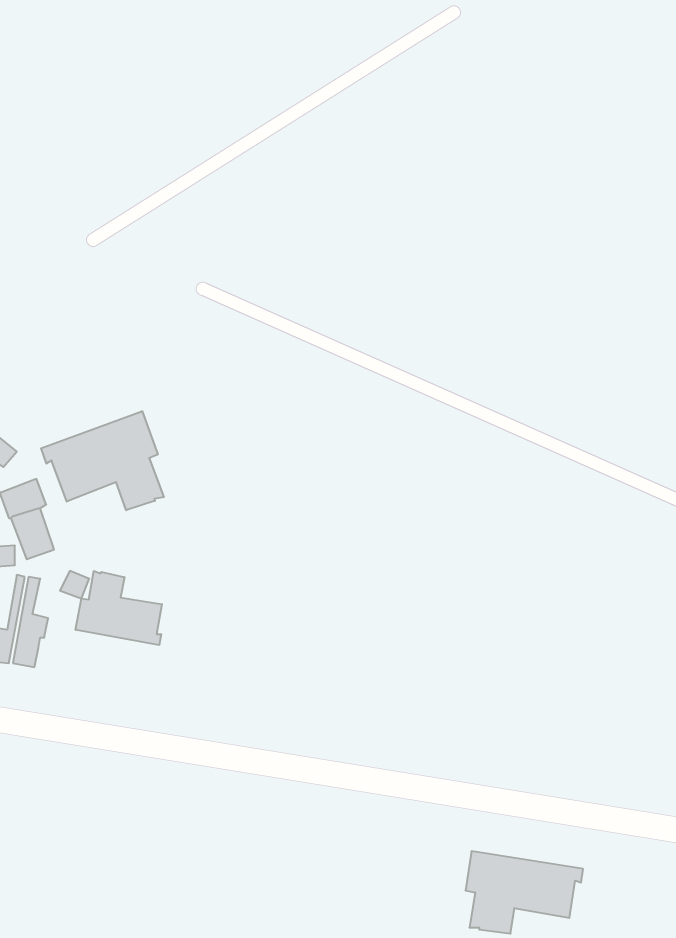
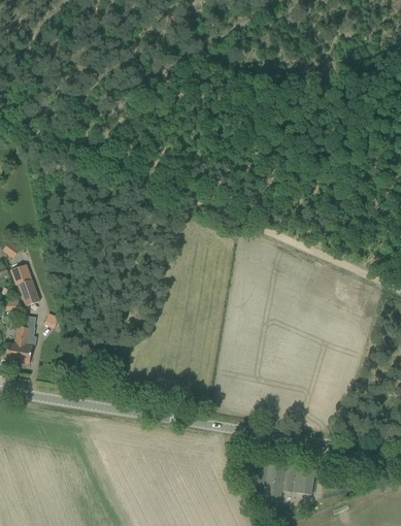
building: [41,411,164,510] -> none
building: [76,571,162,645] -> none

